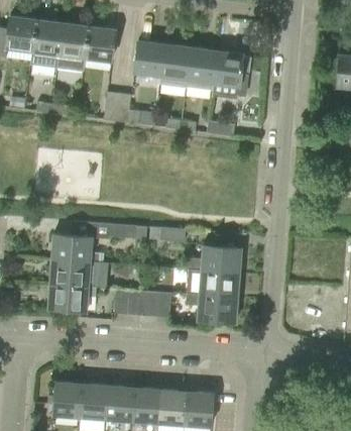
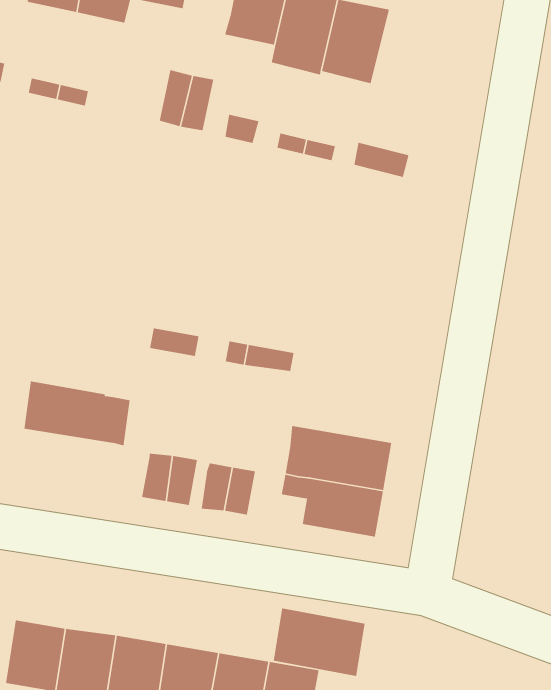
building: [211,50,247,99] -> none
building: [51,234,96,262] -> none
building: [188,245,241,273] -> none
building: [48,284,98,311] -> none
building: none -> [273,608,365,677]

